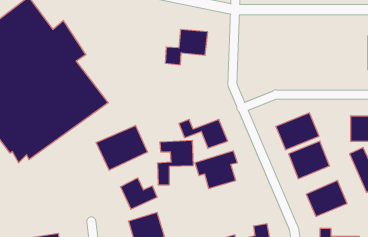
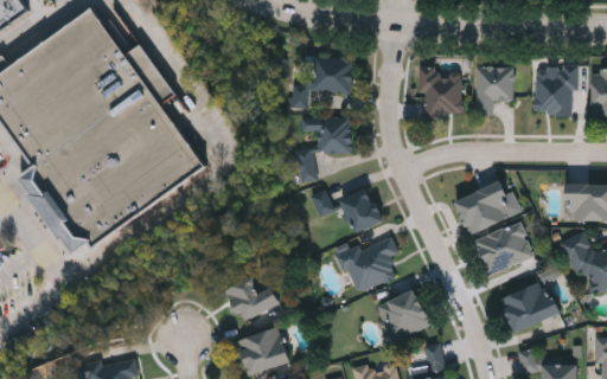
building: none -> [533,66,575,116]
building: none -> [474,68,511,116]
building: none -> [417,71,461,117]
building: [96,125,147,170] -> none
building: [157,141,193,185] -> [298,116,351,181]
building: none -> [373,289,430,342]

